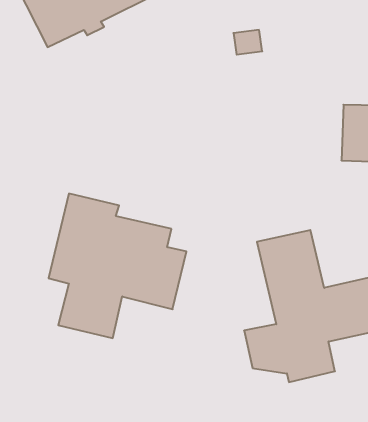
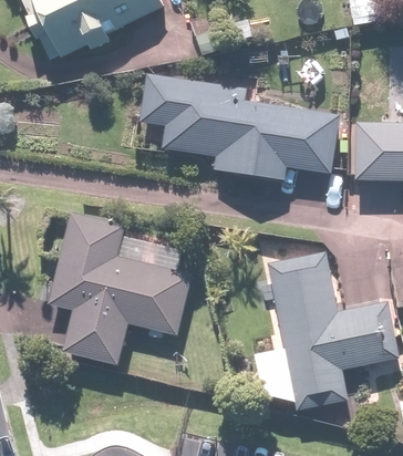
building: none -> [140,73,339,180]

